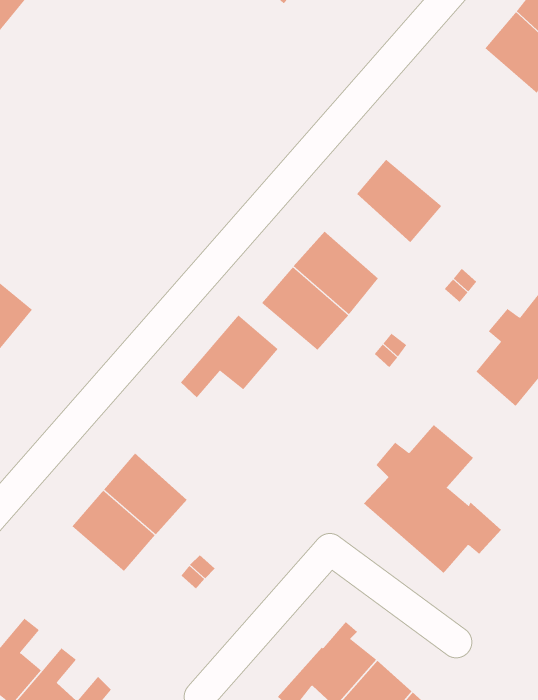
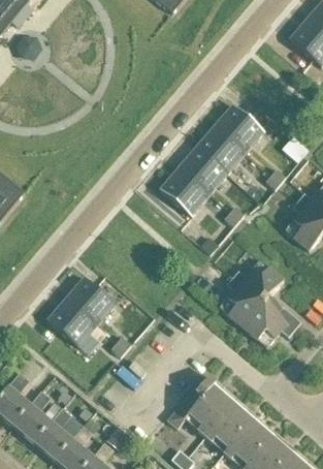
building: none -> [195,124,246,174]
building: [180,315,278,398] -> none

